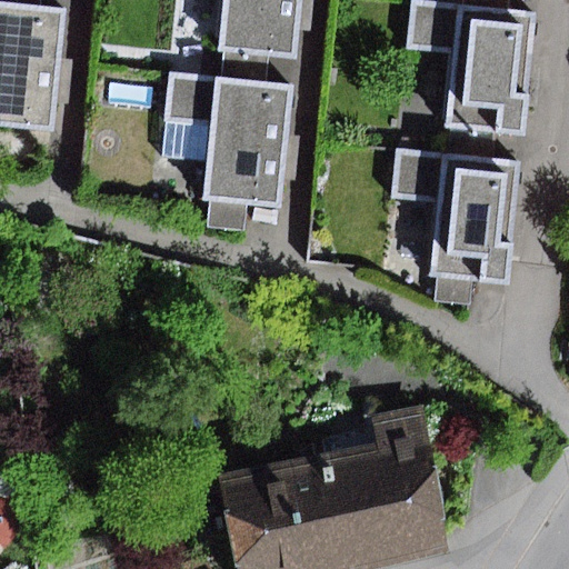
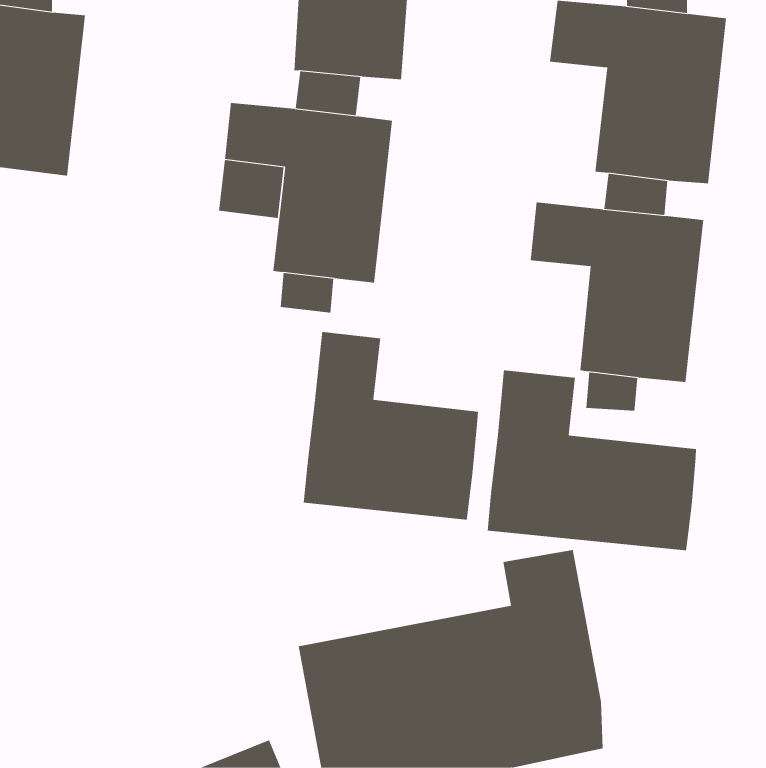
building: none -> [303,331,478,520]
building: none -> [487,369,696,551]

